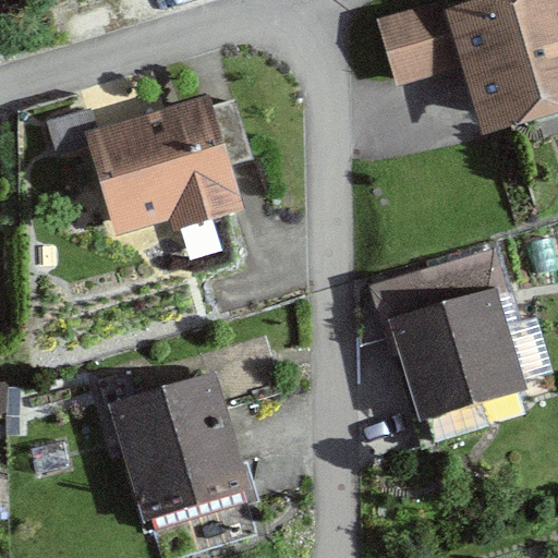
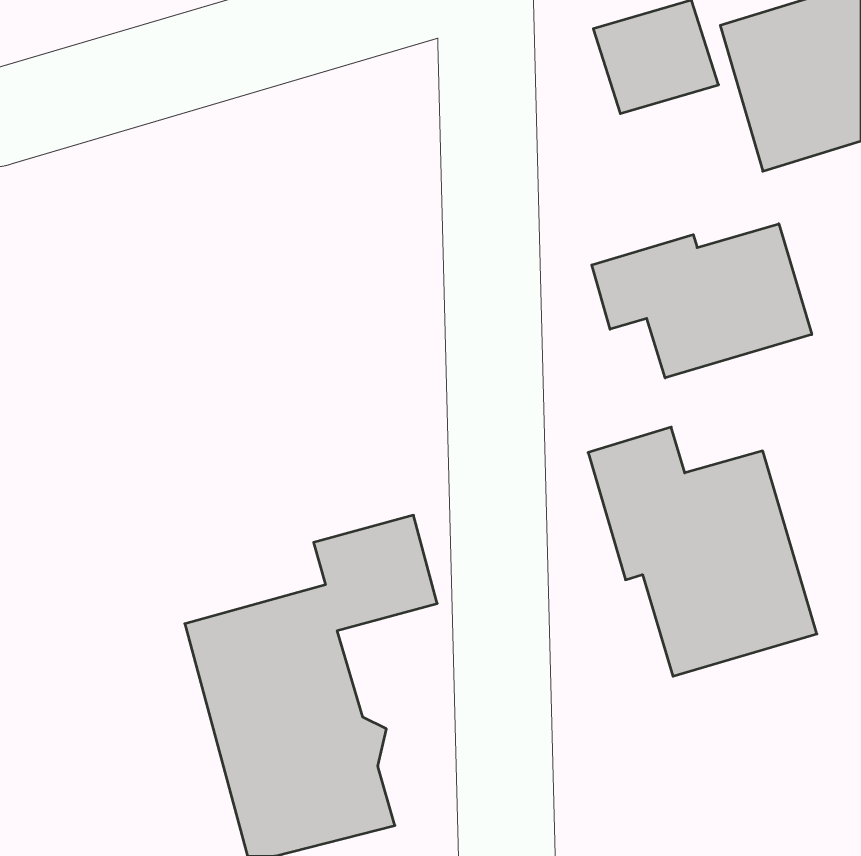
building: [95,101,233,218] -> none
building: none -> [592,224,812,378]

